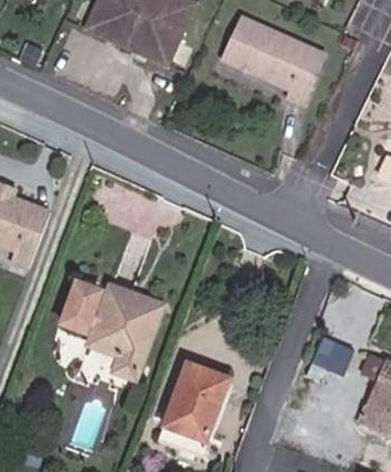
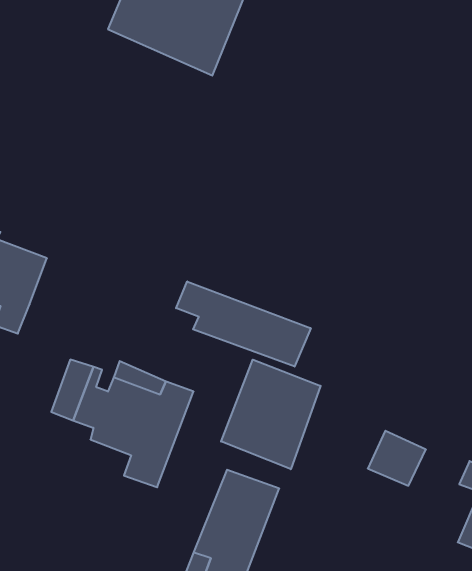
building: [232,21,335,109] -> none
building: none -> [176,281,311,367]
building: none -> [221,360,321,469]

